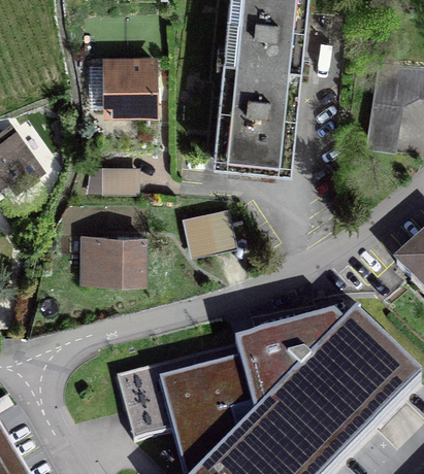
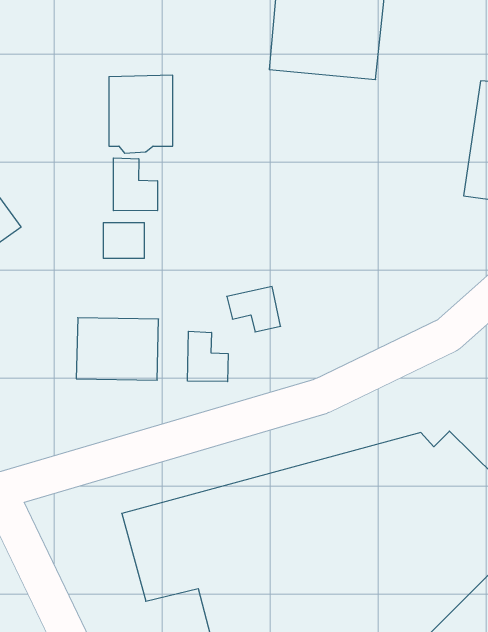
building: [214,55,301,166] -> none
building: none -> [113,158,157,211]
building: none -> [188,331,228,382]

